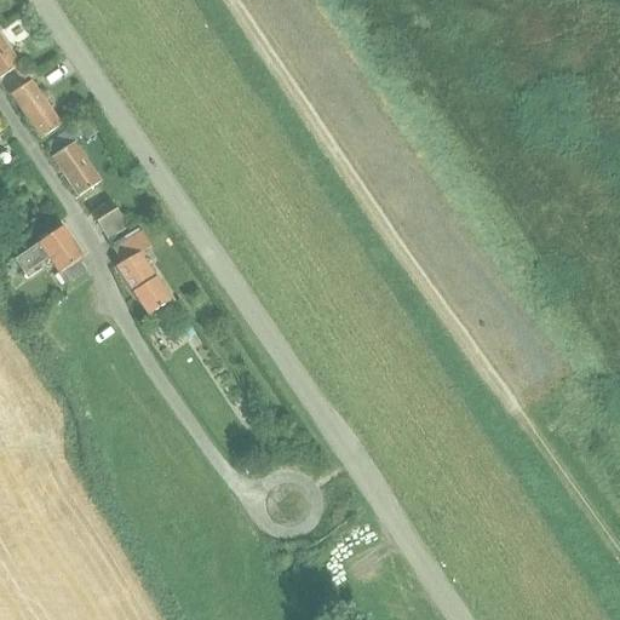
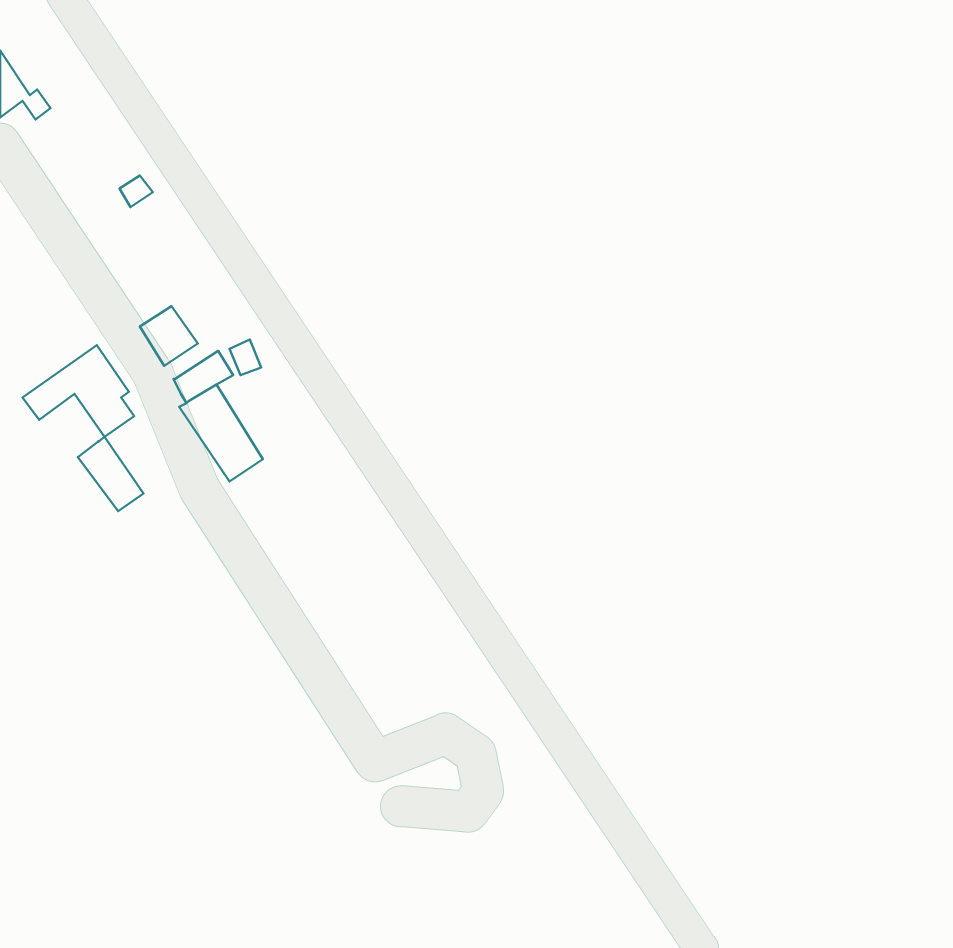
building: [11,78,62,137] -> none
building: [48,126,101,194] -> none
building: none -> [78,437,144,511]

